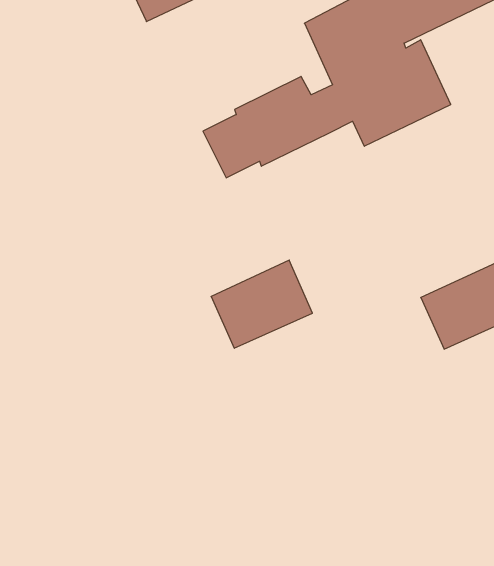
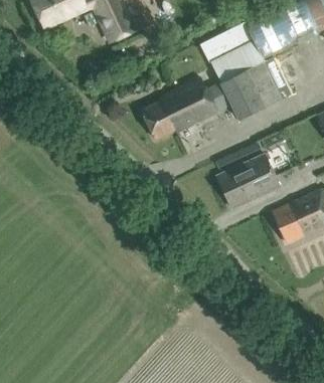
building: [211,260,312,348] -> [216,154,278,207]

